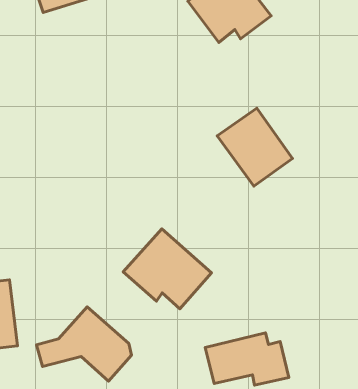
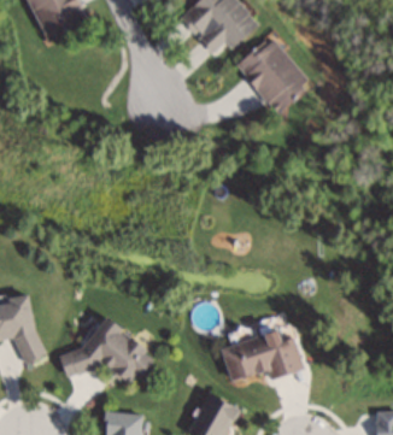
building: [217,108,292,186] -> [237,36,311,111]
building: [123,229,211,309] -> none

